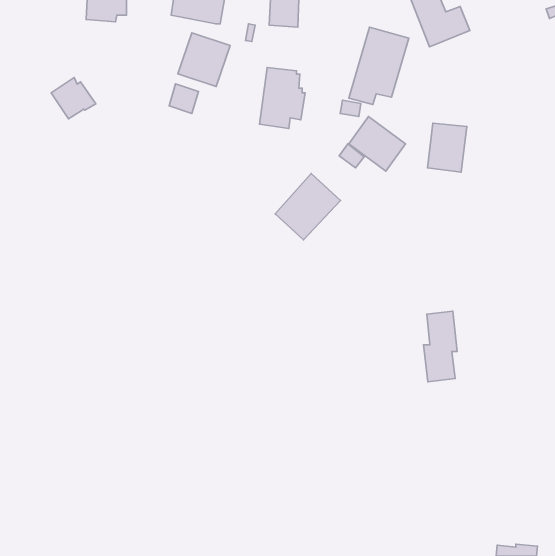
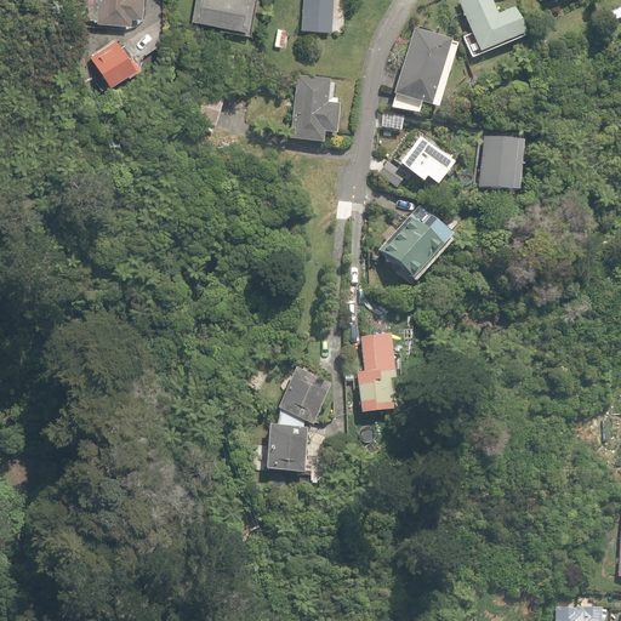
building: [178,33,230,87] -> none
building: [51,78,96,119] -> [91,39,141,85]
building: [275,173,341,240] -> [380,205,452,279]
building: [423,311,457,382] -> [358,334,395,412]
building: none -> [266,369,330,472]

